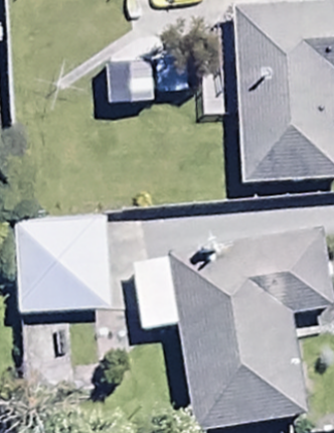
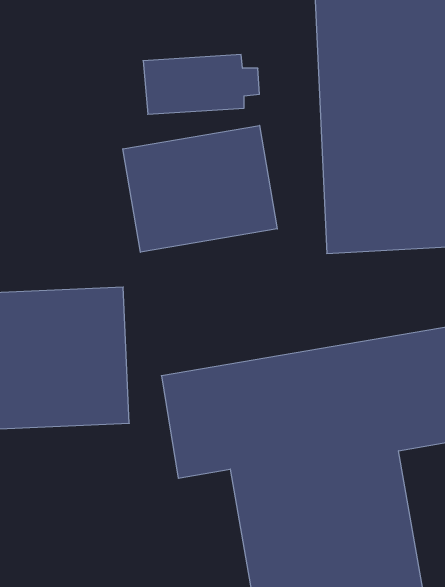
building: none -> [123,125,277,252]

